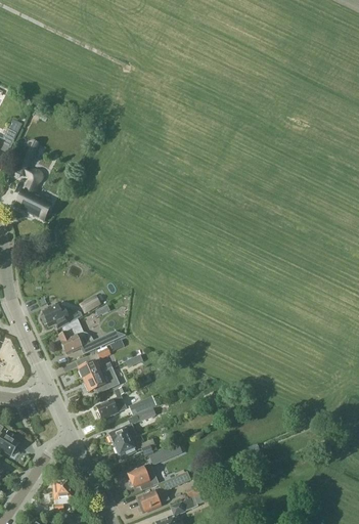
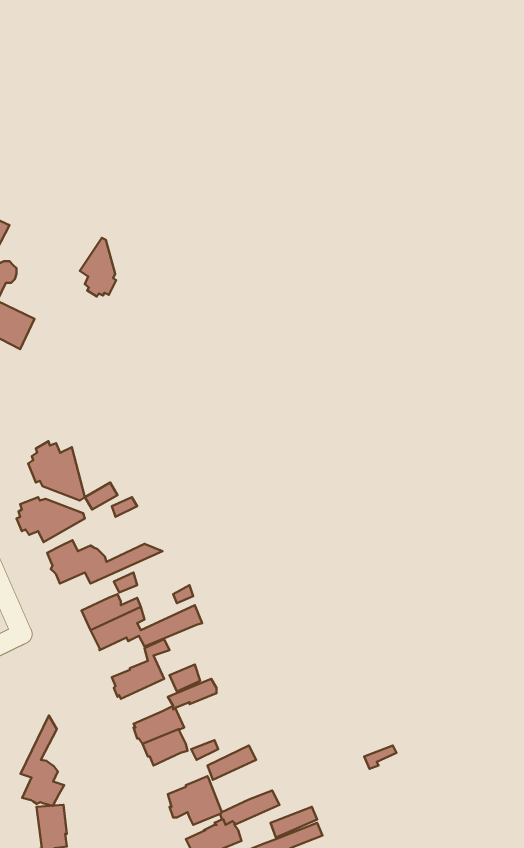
building: none -> [80,238,116,296]
building: none -> [28,441,85,500]
building: none -> [20,716,64,806]

